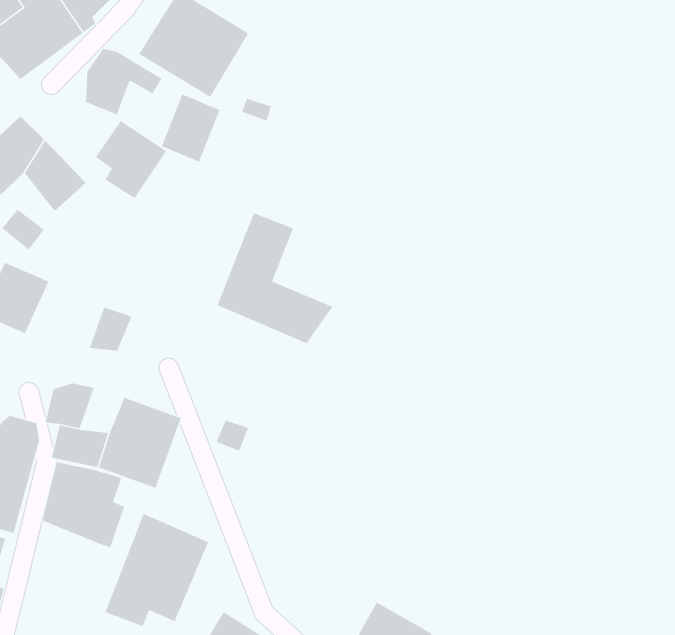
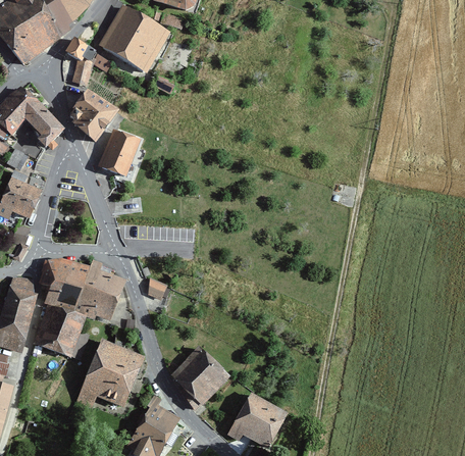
building: [161,94,220,163] -> [100,130,138,173]
building: [216,212,333,344] -> none
building: [89,307,132,352] -> [61,259,89,288]
building: none -> [172,347,230,404]

